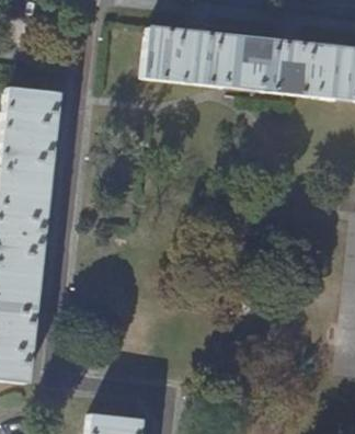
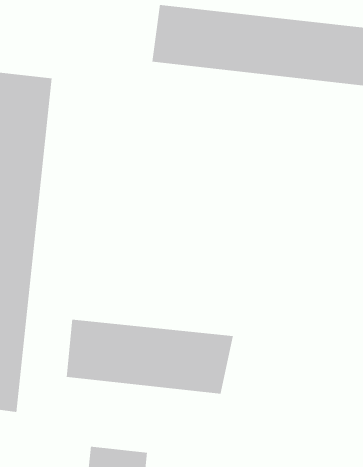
building: none -> [66,319,233,394]

